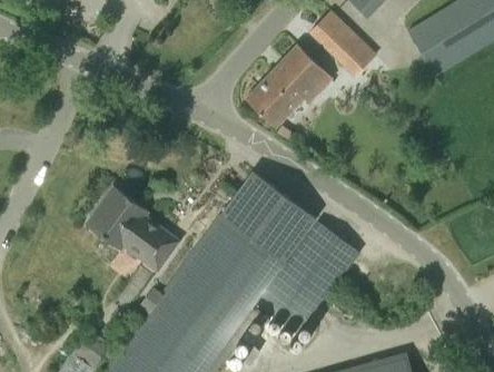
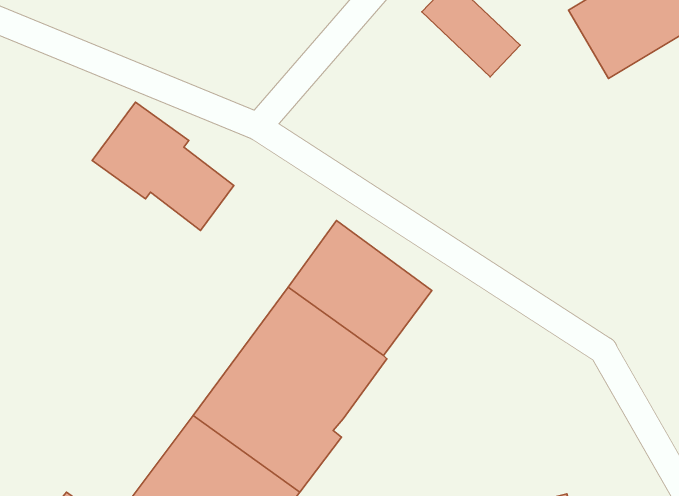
building: [246,45,332,128] -> none
building: [85,186,179,272] -> [92,102,234,230]
building: [257,222,357,333] -> none

